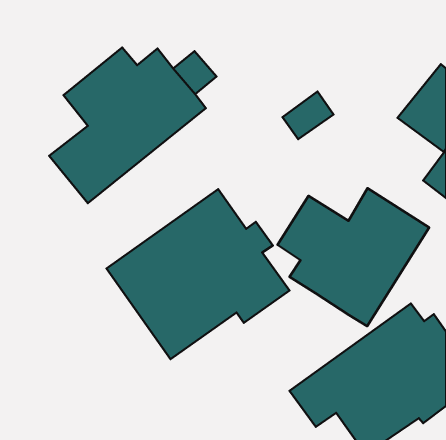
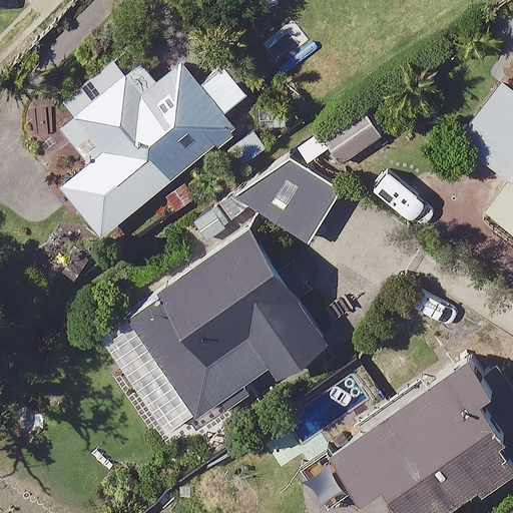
building: none -> [232,160,341,246]
building: [278,188,429,326] -> none

